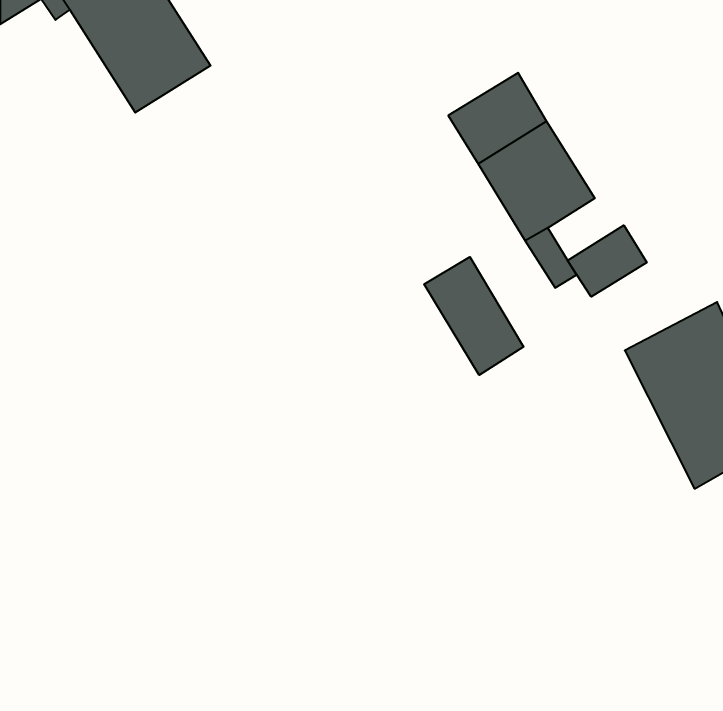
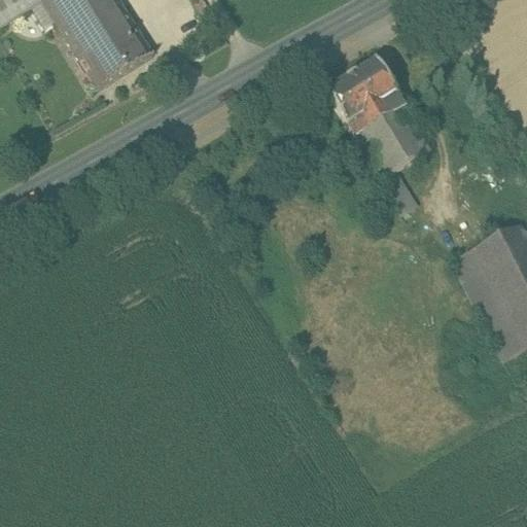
building: [568,225,647,297] -> none
building: [424,257,524,375] -> none

